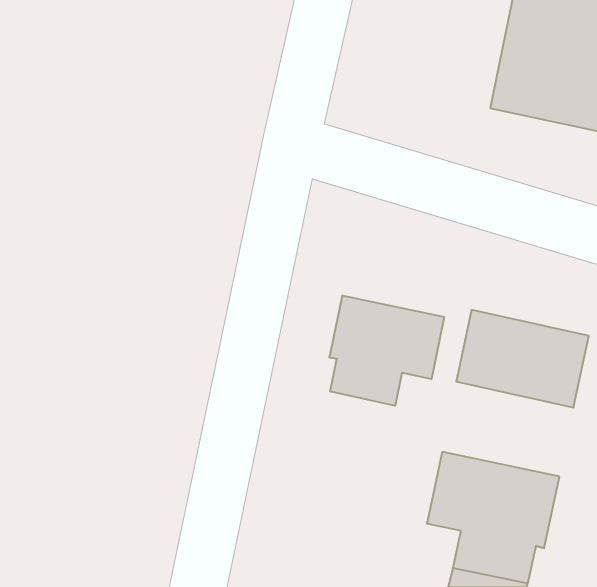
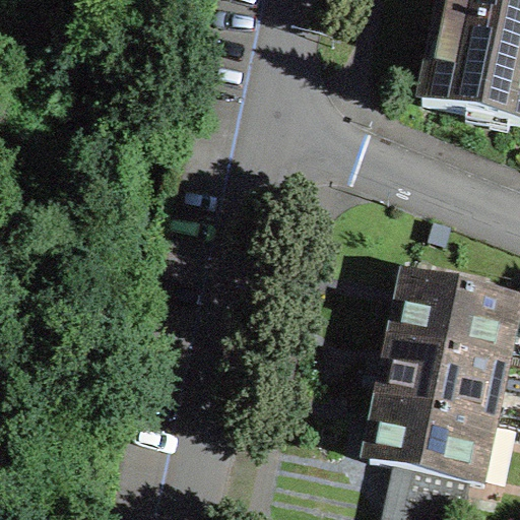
building: [330,295,444,406] -> none
building: none -> [385,330,499,412]

